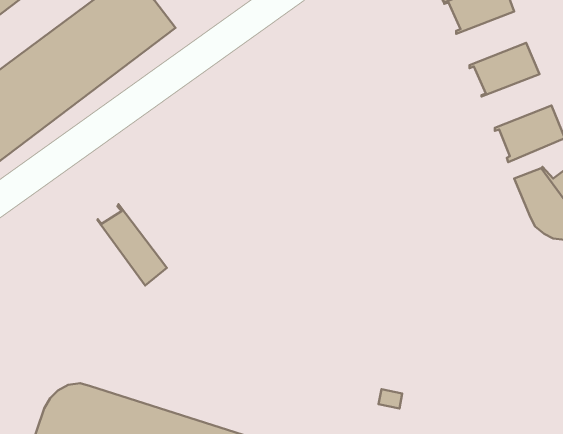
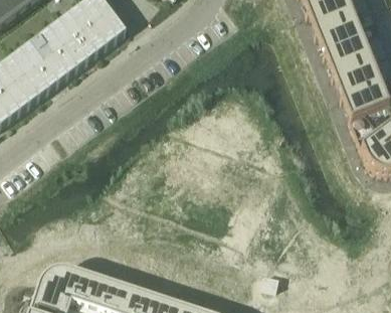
building: none -> [317,17,364,53]
building: none -> [334,59,381,96]
building: [97,204,167,285] -> none

